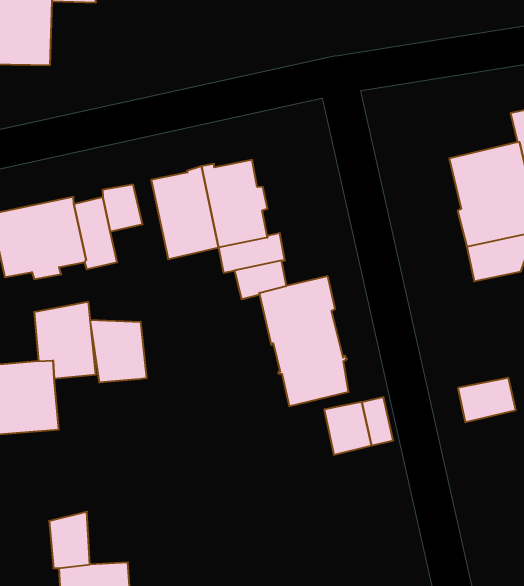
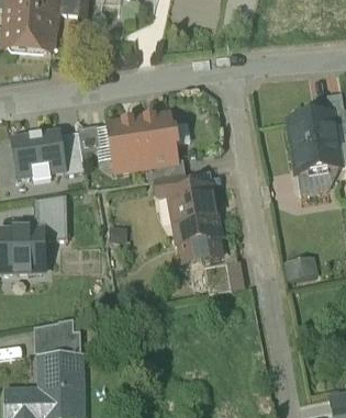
building: [90,320,146,383] -> none
building: none -> [58,318,81,352]

